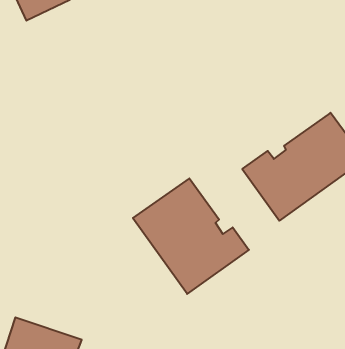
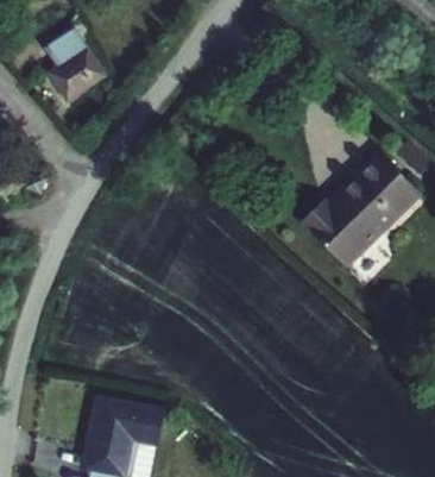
building: [133,178,249,294] -> none

